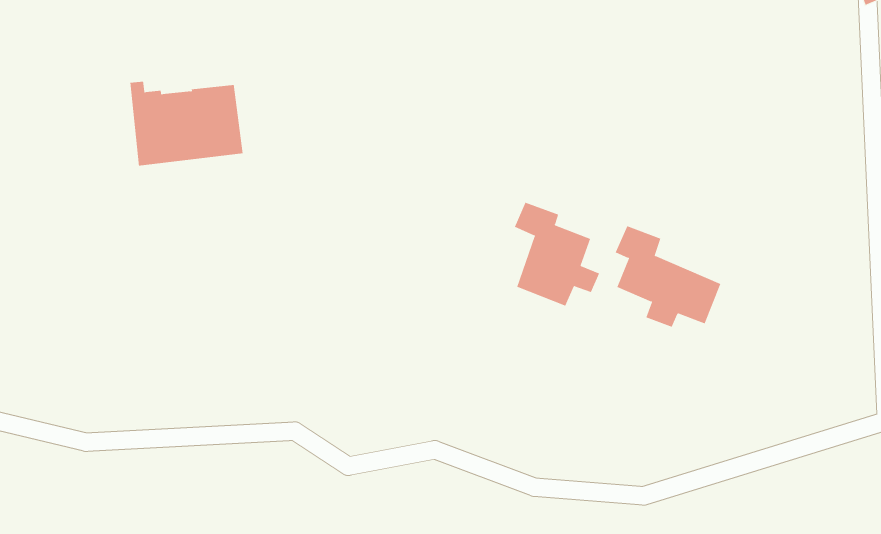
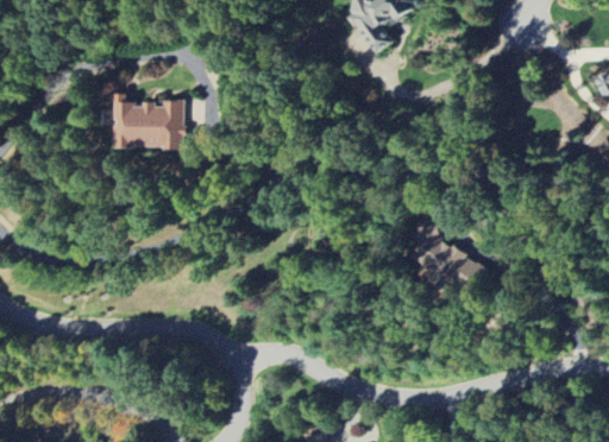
building: [514,202,600,307] -> none

